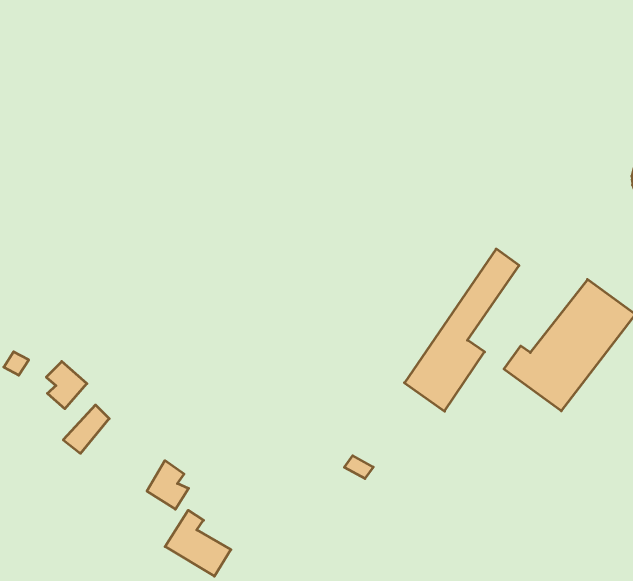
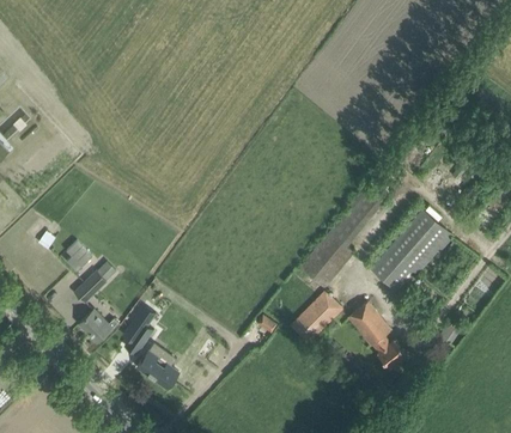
building: none -> [290,293,340,342]
building: none -> [347,300,406,368]
building: none -> [78,309,116,341]

